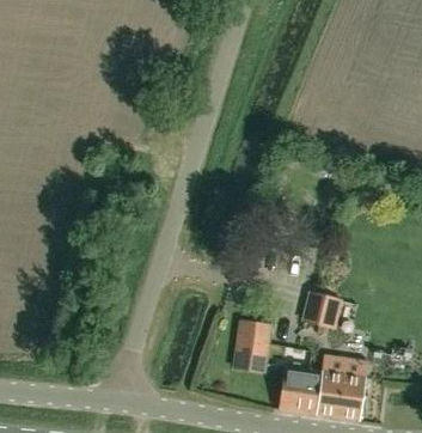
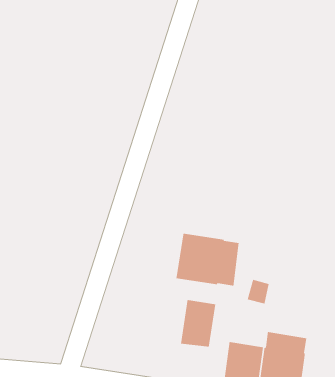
building: none -> [176,233,239,286]

